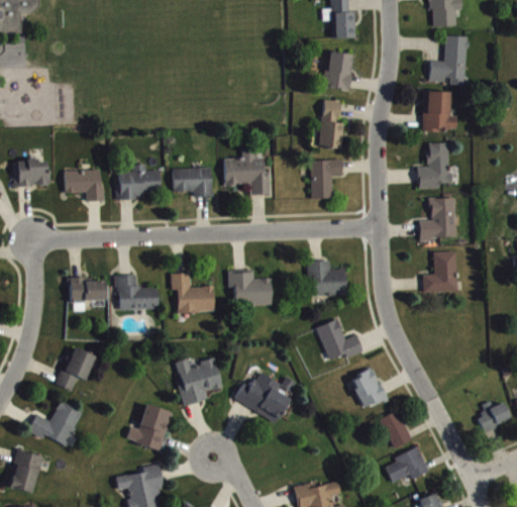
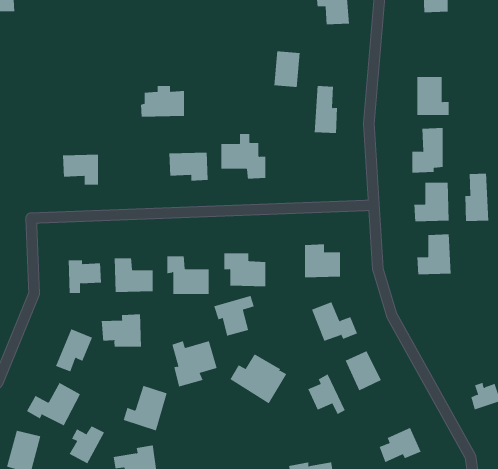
building: [429,35,467,85] -> none
building: [325,52,352,89] -> [274,51,301,88]
building: [13,160,47,187] -> none
building: [311,160,342,198] -> none
building: [114,165,160,197] -> [140,85,185,117]
building: none -> [465,173,489,222]
building: none -> [213,295,255,336]
building: none -> [101,313,141,347]
building: none -> [307,374,346,415]
building: [380,411,411,448] -> none
building: none -> [69,425,105,464]

